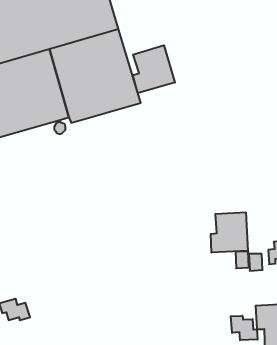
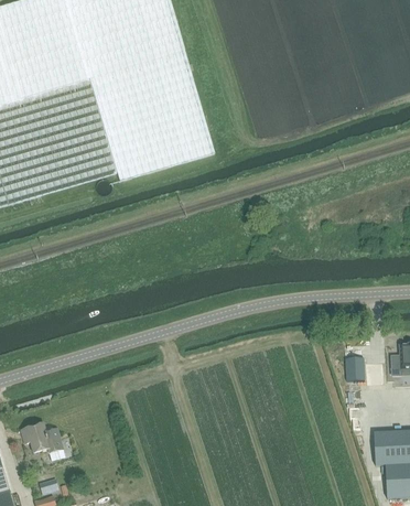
building: [133,45,175,93] -> none
building: [211,212,248,253] -> none
building: [231,316,258,340] -> none

